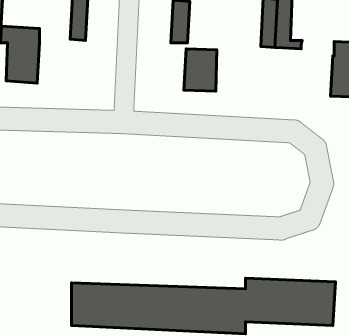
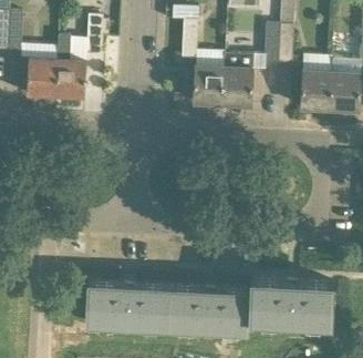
building: none -> [54,35,85,98]
building: none -> [221,53,252,105]
building: none -> [299,70,331,109]

